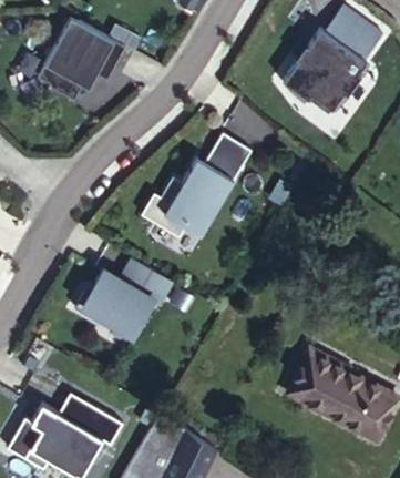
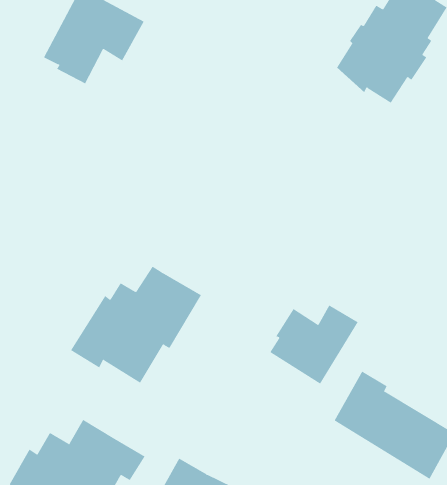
building: [142,138,250,240] -> none
building: none -> [269,304,358,384]

